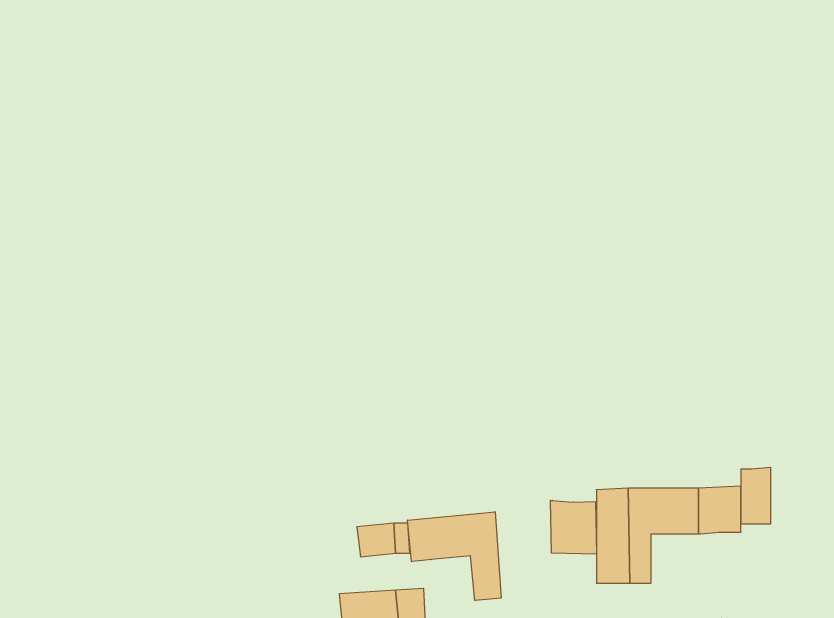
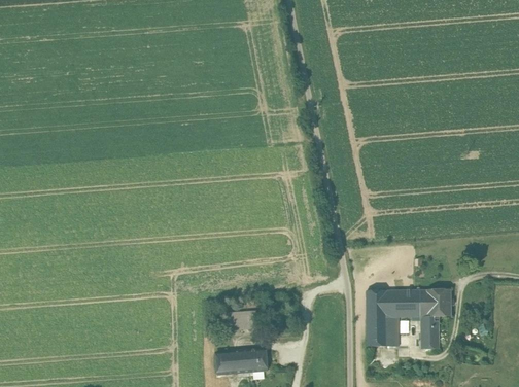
building: [741,467,771,524] -> [421,315,439,348]
building: [551,500,596,554] -> none
building: [408,512,501,601] -> none

